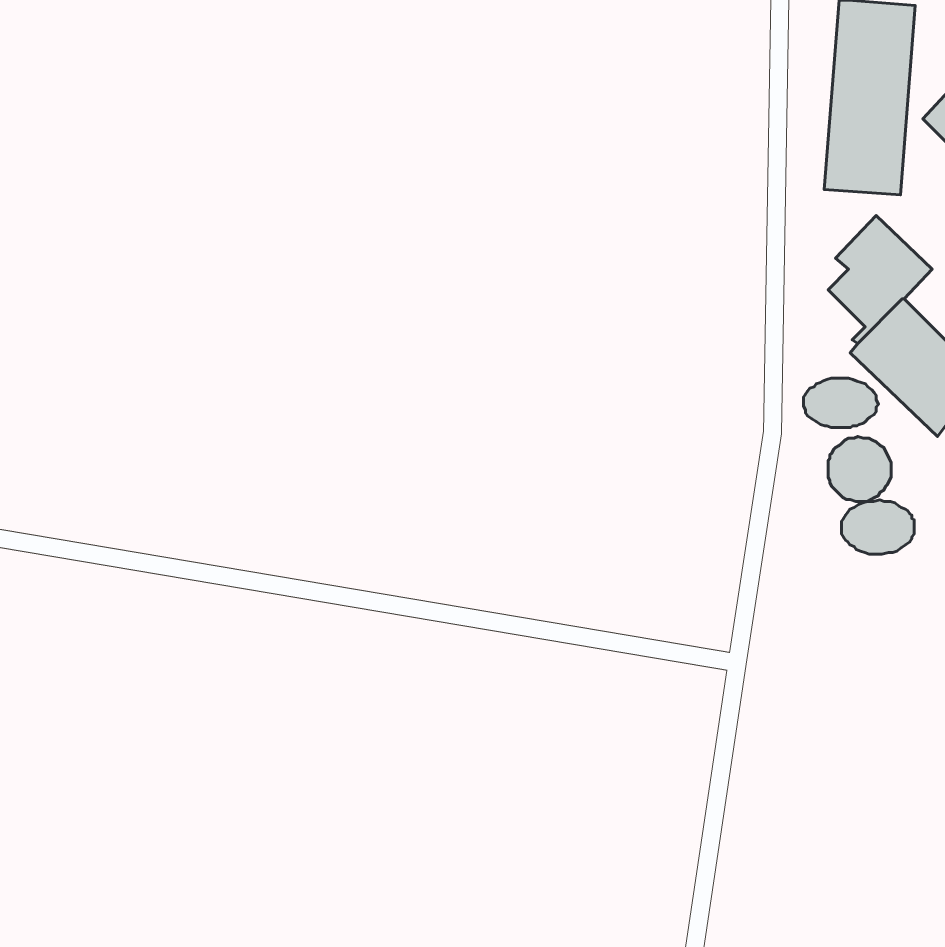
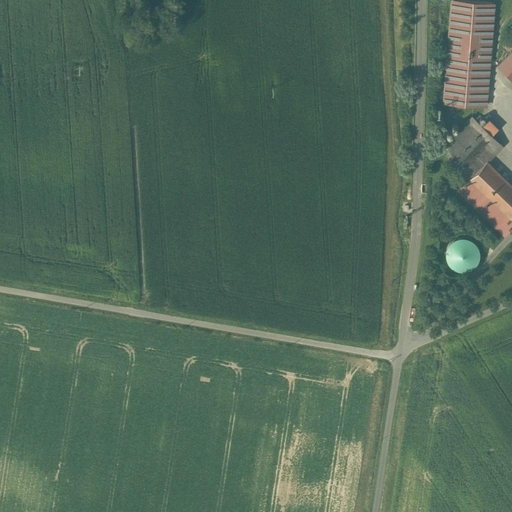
building: [803,378,878,427] -> none
building: [841,500,914,554] -> none

